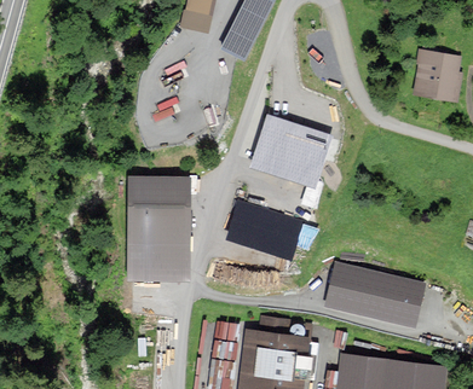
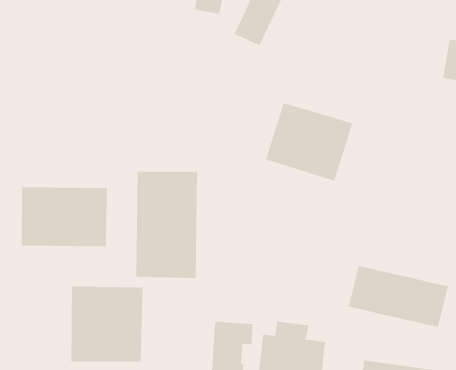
building: none -> [21,186,108,247]
building: [226,201,304,260] -> none
building: none -> [71,286,143,363]

